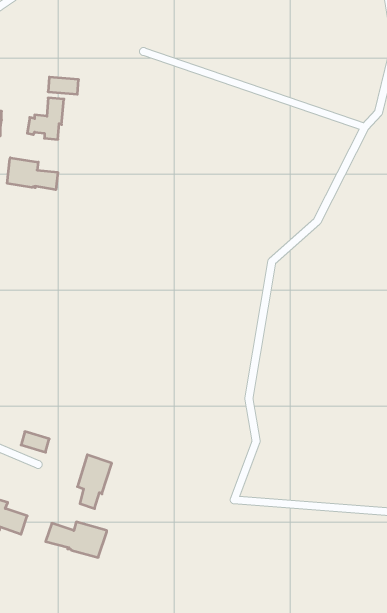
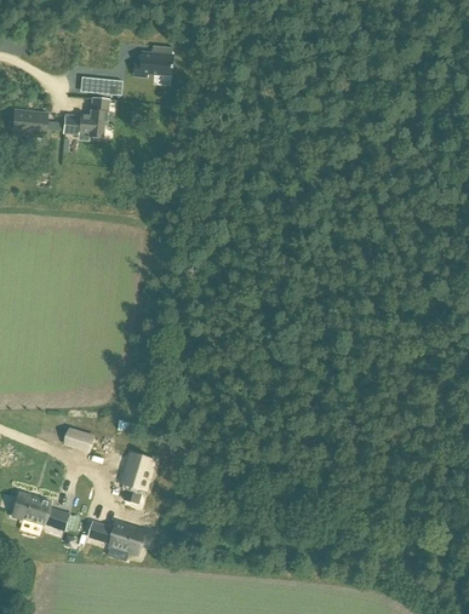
building: none -> [139,45,171,75]
building: [7,158,58,190] -> none

